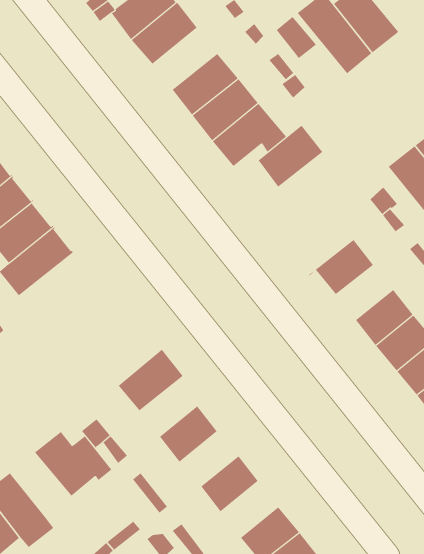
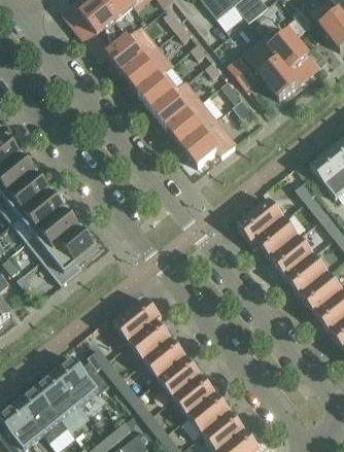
building: none -> [139,65,186,110]
building: [258,125,323,187] -> [238,199,285,244]
building: none -> [42,228,98,285]
building: none -> [272,237,314,277]
building: none -> [130,317,172,361]
building: none -> [159,357,202,397]
building: none -> [36,373,80,419]
building: none -> [188,393,231,434]

